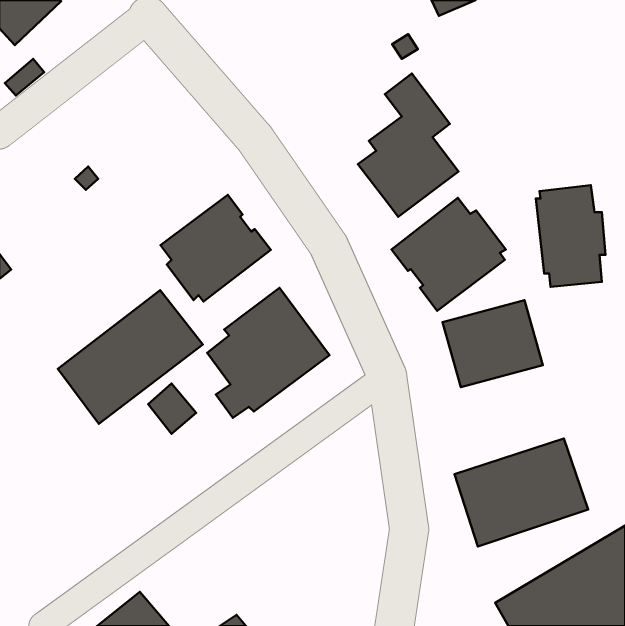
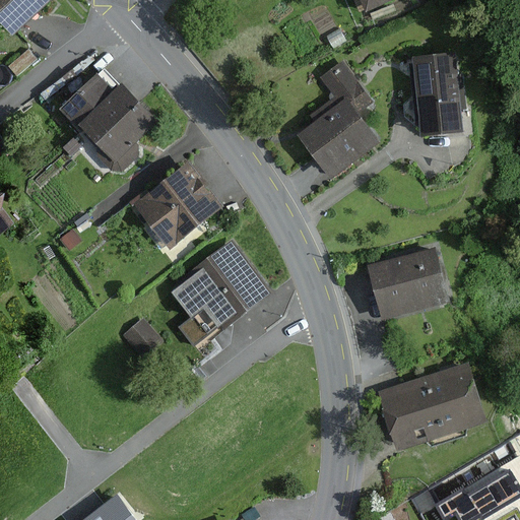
building: none -> [59,68,160,174]
building: [536,185,606,287] -> [408,53,466,137]
building: [392,198,506,311] -> none
building: [58,290,203,424] -> none

